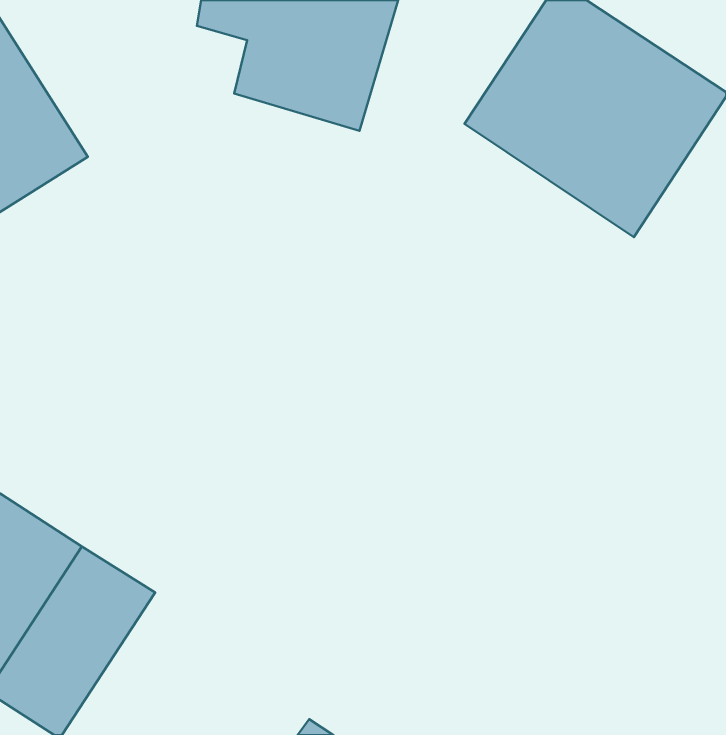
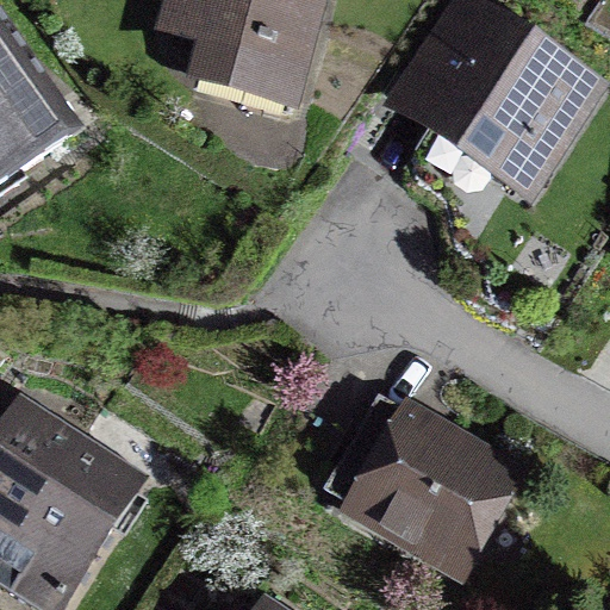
building: none -> [329,381,533,578]

